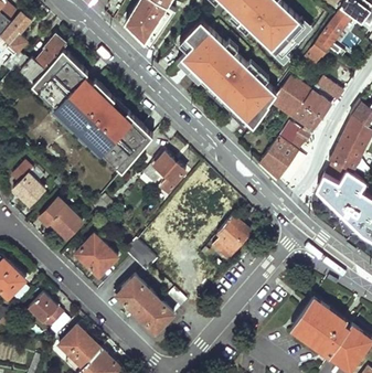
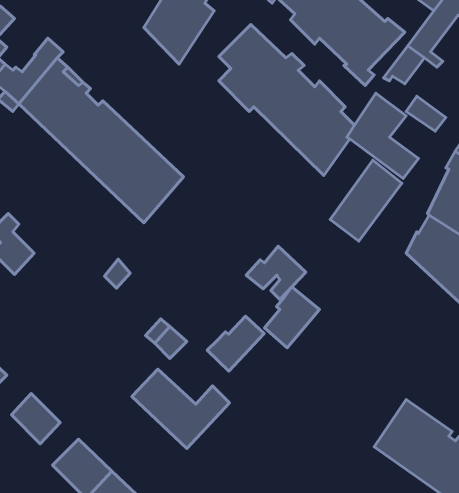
building: [301,90,334,121] -> none
building: [141,150,184,189] -> [246,246,306,300]
building: [40,200,82,238] -> none
building: [75,233,117,276] -> none
building: none -> [207,316,264,371]

